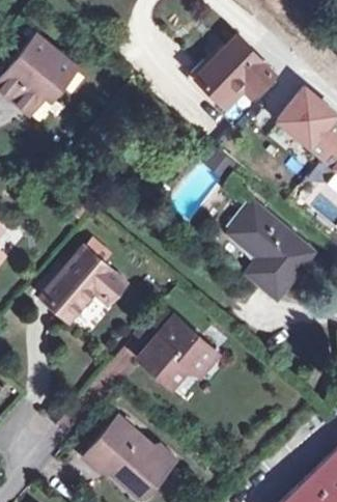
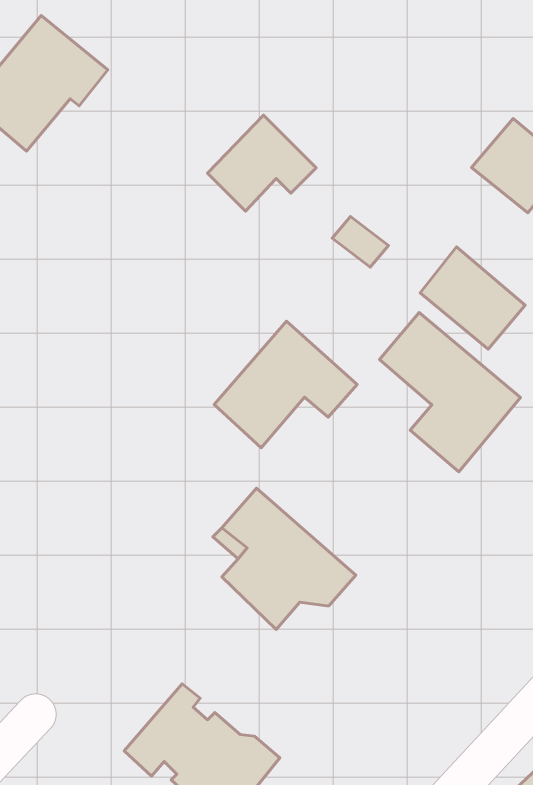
building: [204,46,266,101] -> [207,115,316,211]
building: none -> [420,247,525,349]
building: [43,248,124,320] -> [214,321,357,448]

